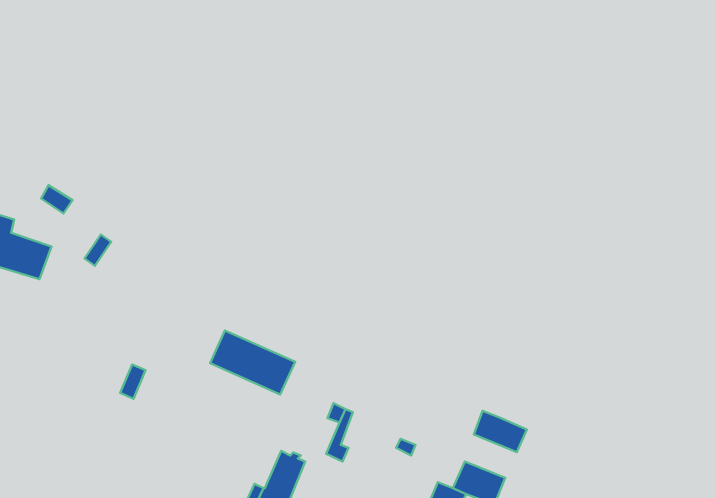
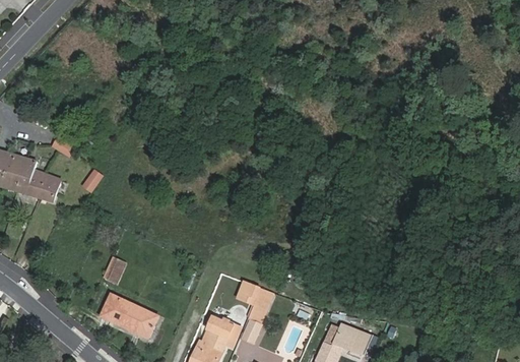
building: [210,330,295,395] -> [99,294,156,338]
building: [474,411,527,452] -> none

